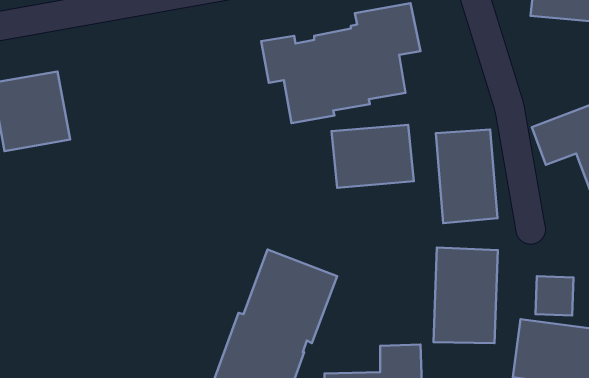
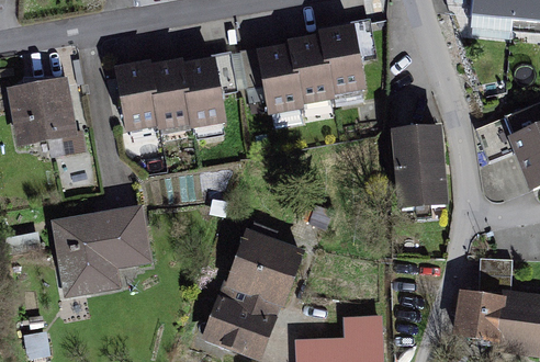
building: none -> [113,49,238,137]
building: [331,125,414,188] -> none
building: none -> [50,202,150,292]
building: [434,247,498,343] -> none

